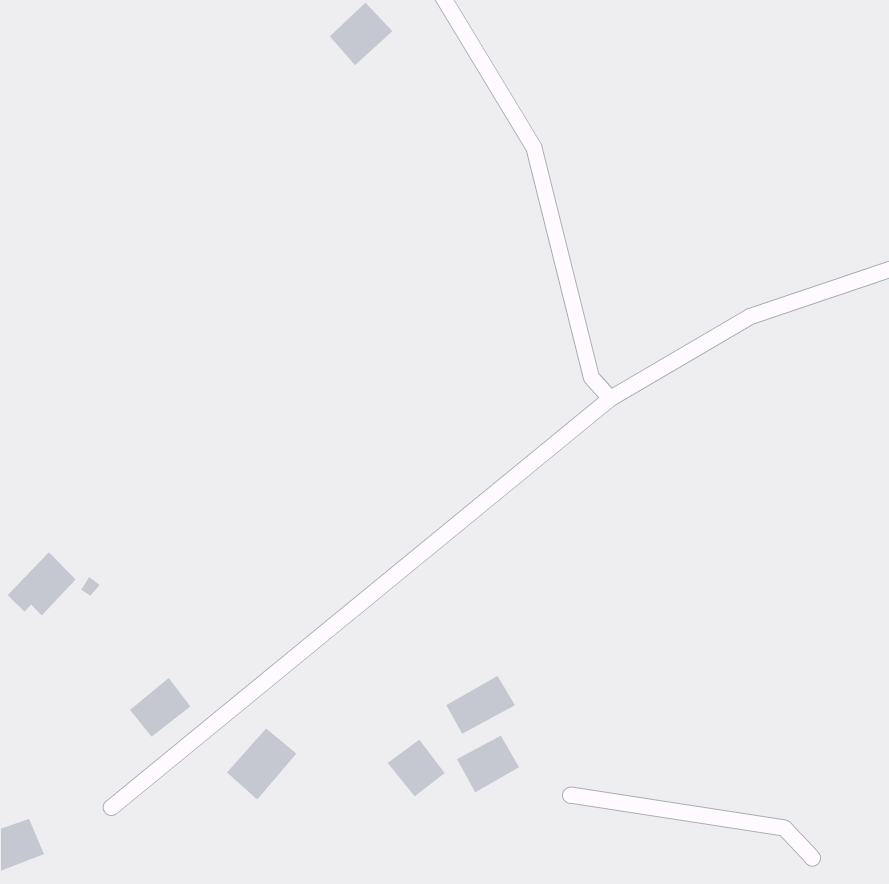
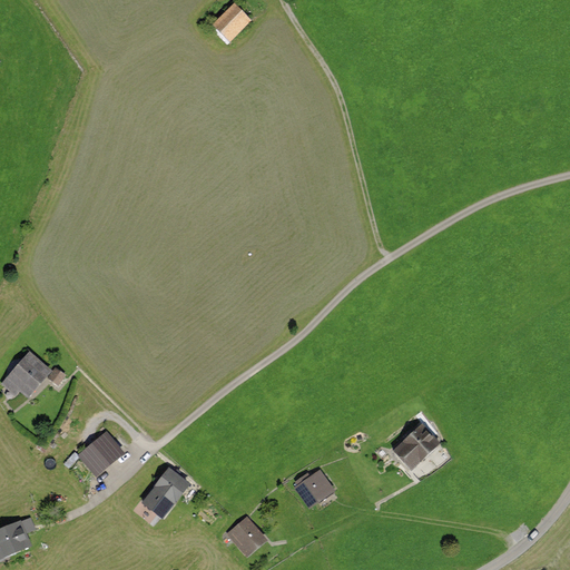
building: none -> [387,421,442,472]
building: [445,675,516,735] -> none
building: [387,738,446,798] -> [226,518,264,556]

